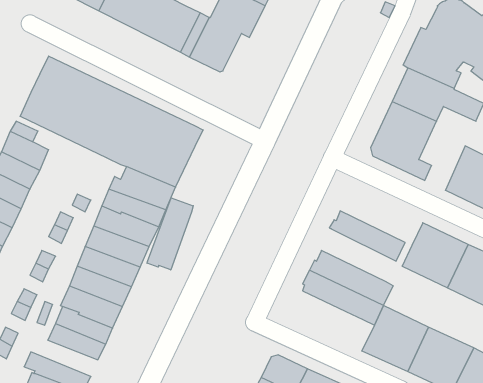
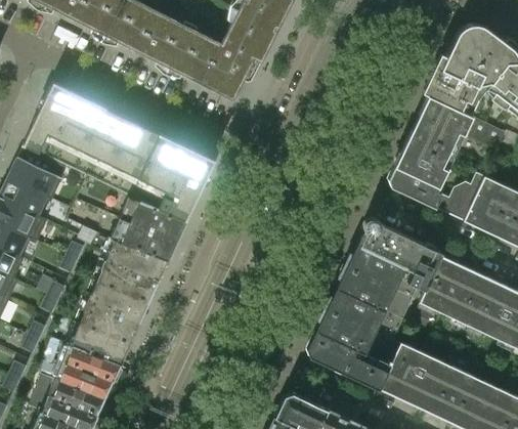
building: none -> [445,173,487,222]
building: none -> [357,217,443,280]
building: [147,198,193,270] -> none
building: none -> [338,261,416,317]
building: none -> [308,327,393,389]
building: none -> [36,374,105,416]

